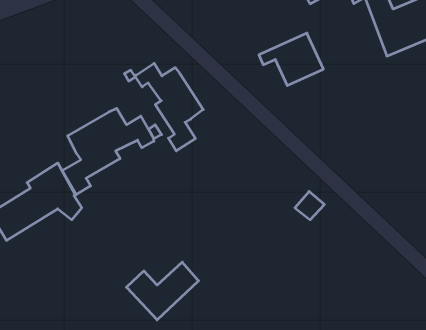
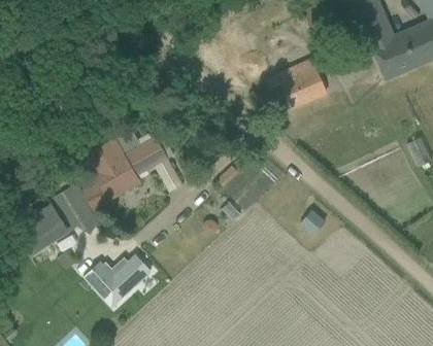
building: [135,63,203,151] -> none
building: [126,262,199,320] -> [84,253,152,308]

